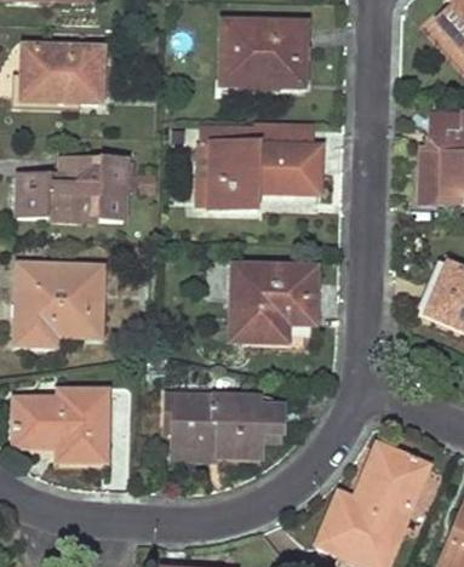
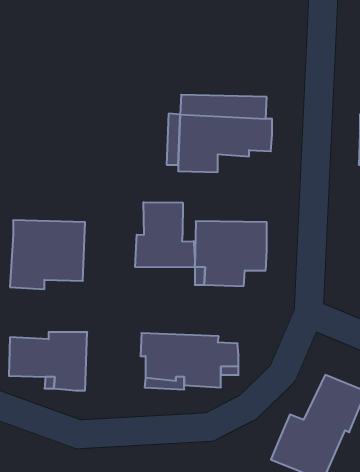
building: [223,24,303,86] -> none
building: [22,47,102,102] -> none
building: [18,158,124,218] -> none
building: none -> [135,202,195,268]

